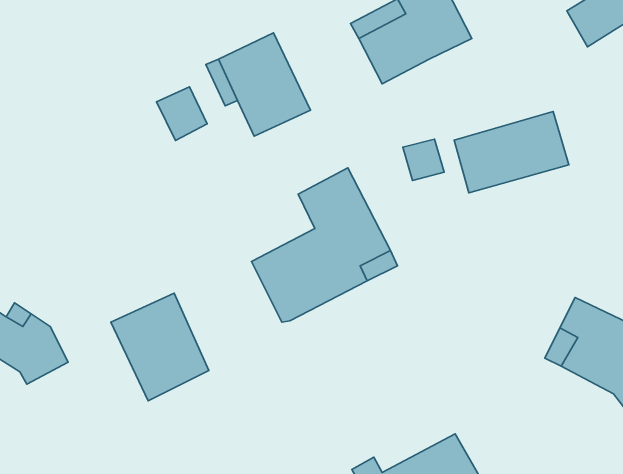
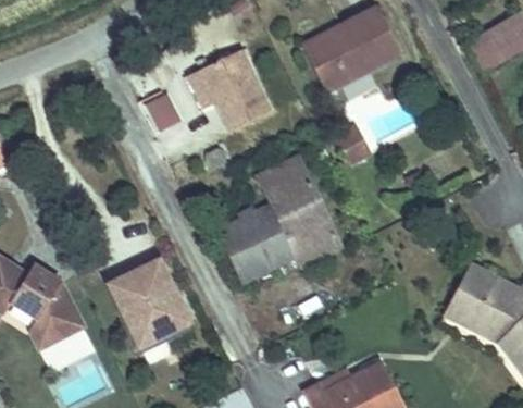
building: [454,111,569,193] -> none
building: none -> [30,312,84,350]

